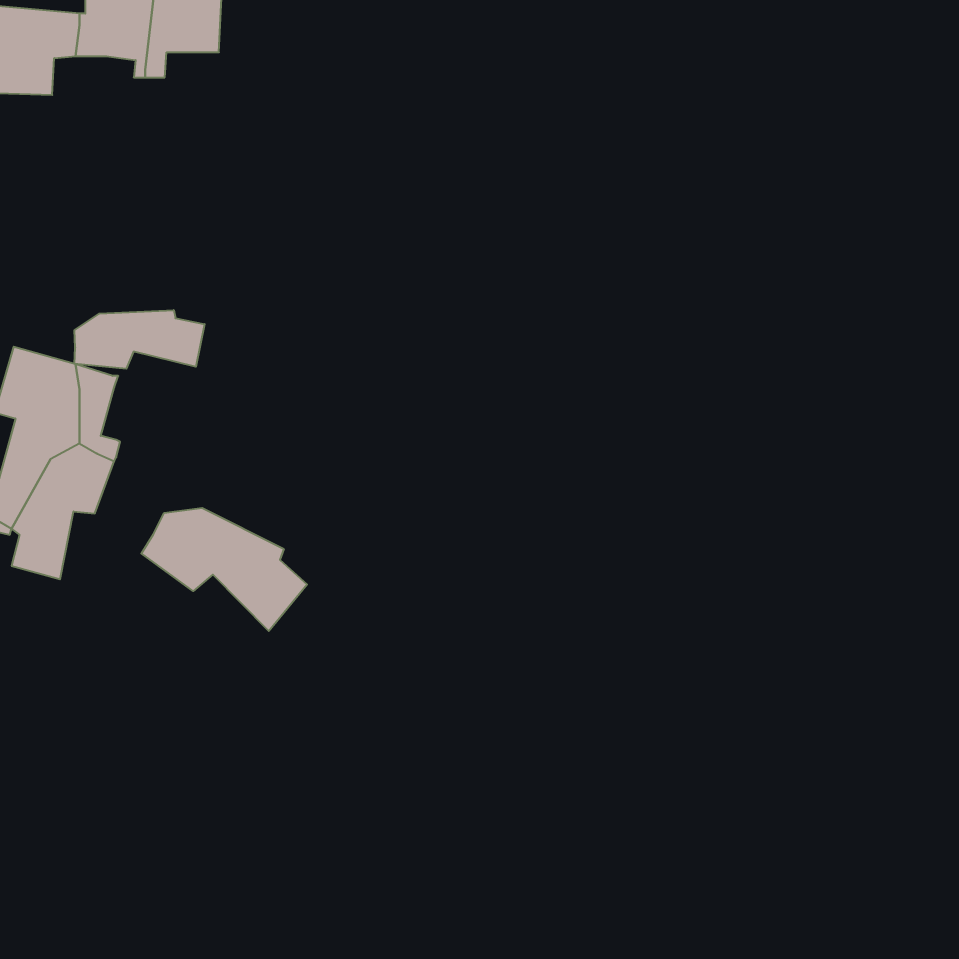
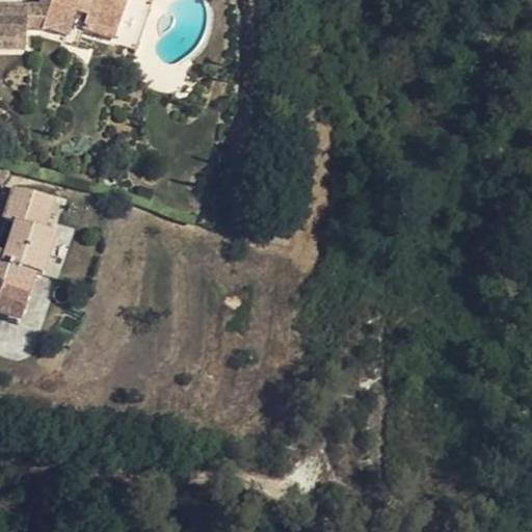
building: [74,310,205,369] -> none
building: [141,508,307,631] -> none

